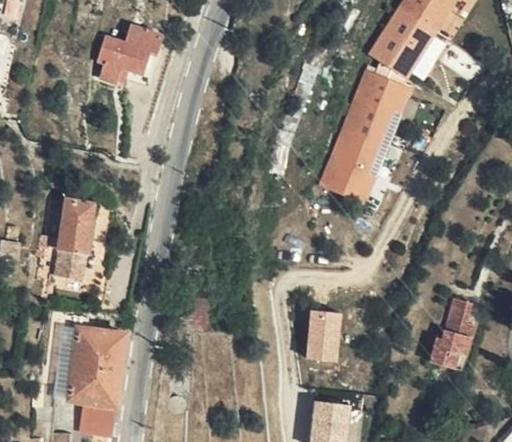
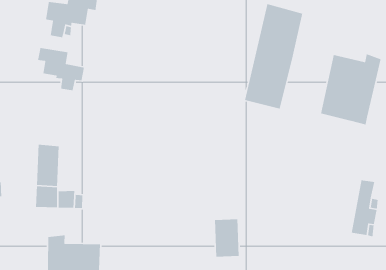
building: none -> [37,47,85,91]
building: none -> [320,53,382,125]
building: [307,314,341,363] -> [214,219,239,257]

